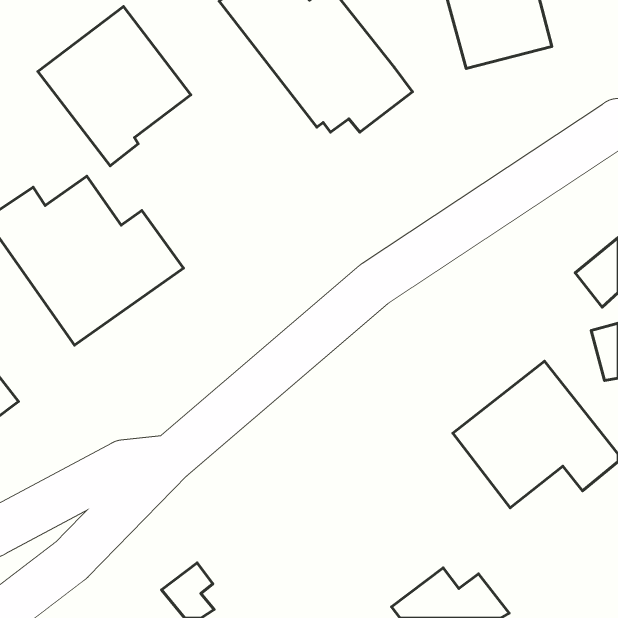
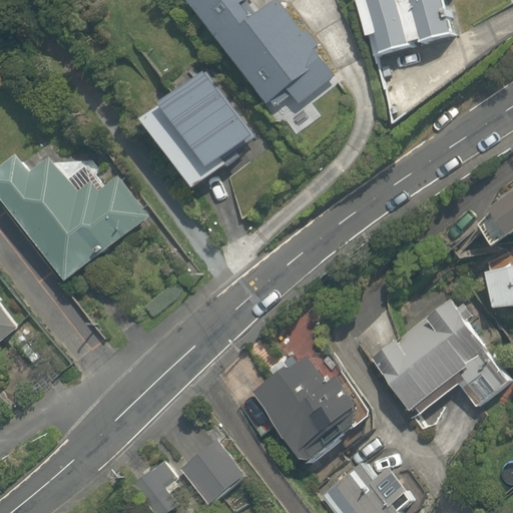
building: [38,7,191,166] -> [133,66,259,196]
building: none -> [249,347,367,468]
building: none -> [182,441,240,500]

